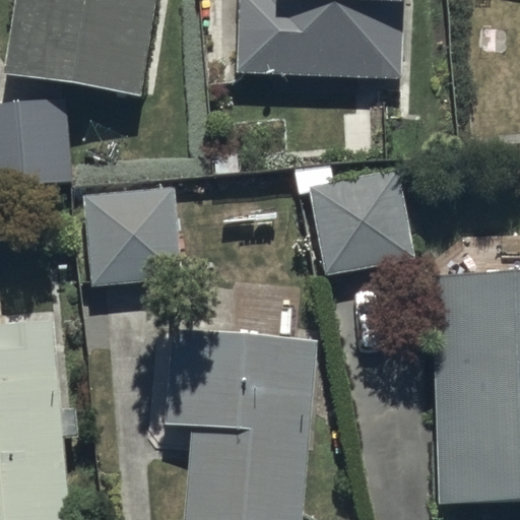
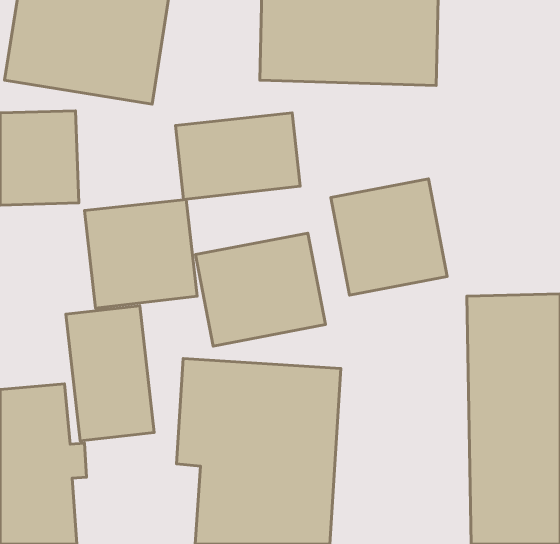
building: none -> [175,113,300,200]
building: none -> [196,233,325,346]
building: none -> [66,306,154,441]

